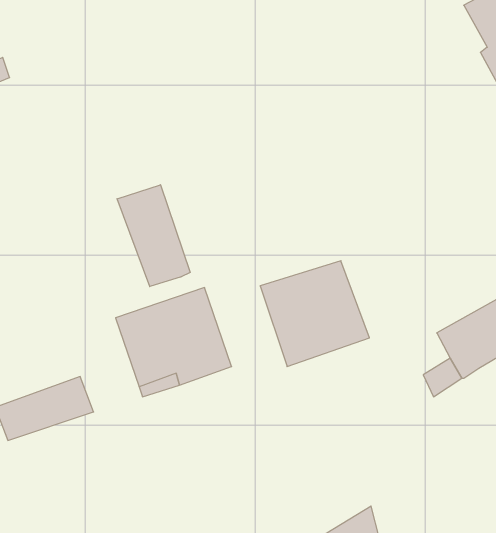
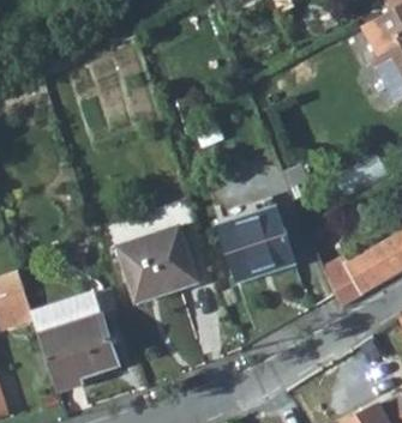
building: [117,185,190,287] -> none
building: none -> [38,316,119,388]

